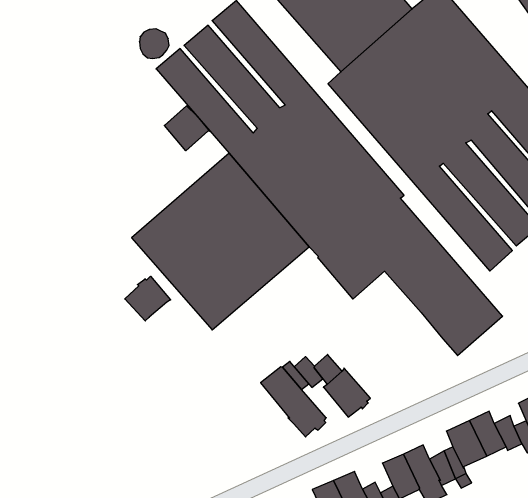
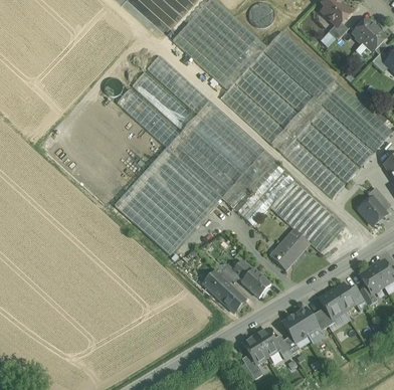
building: [164,106,209,151] -> none
building: [125,276,171,321] -> none
building: none -> [269,228,310,269]

